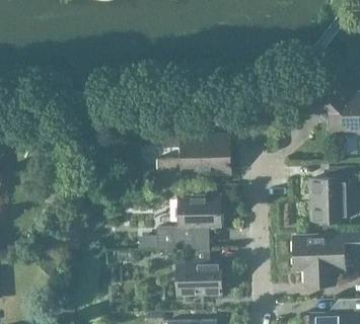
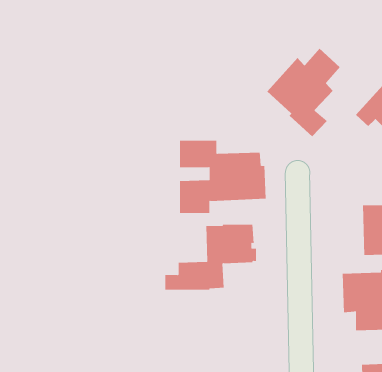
building: none -> [266,48,340,137]
building: [177,249,222,296] -> none

